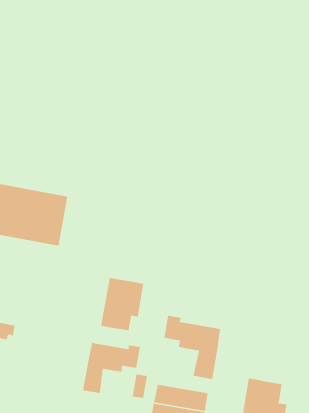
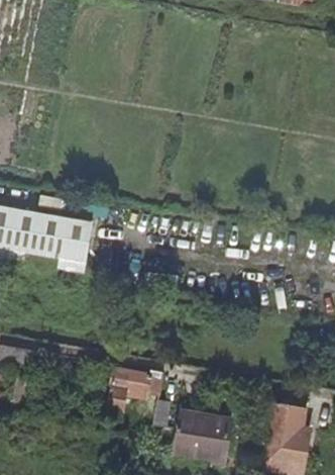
building: [100,277,144,331] -> none
building: [164,315,221,380] -> none

